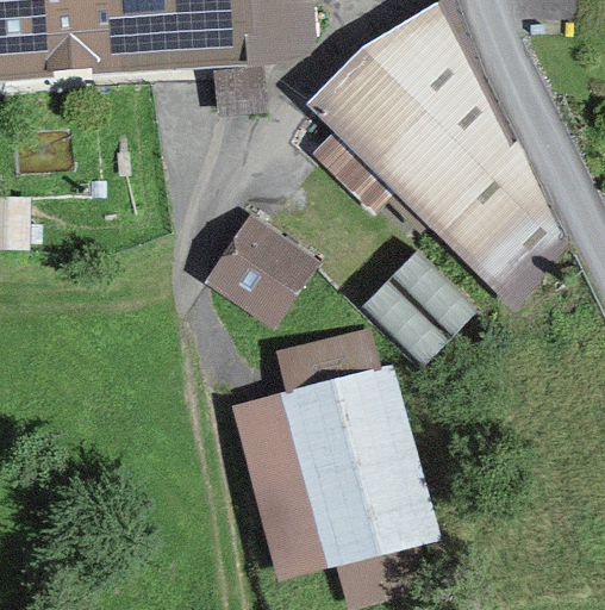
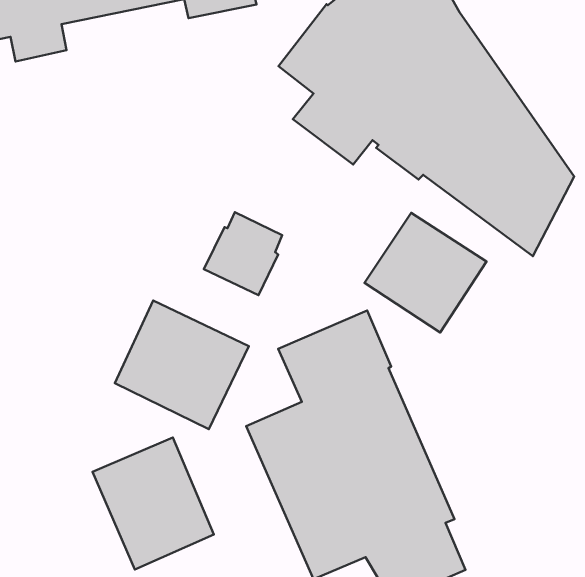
building: none -> [115,301,249,429]
building: none -> [93,437,214,569]

